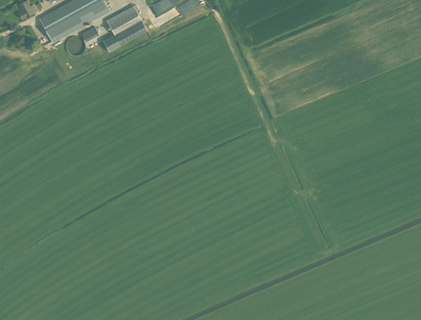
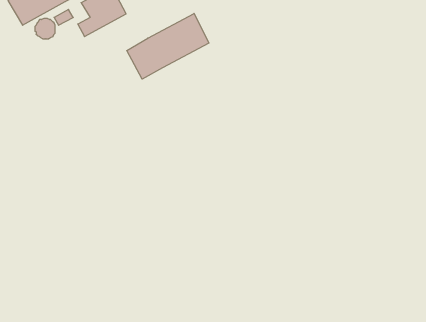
building: none -> [127,13,209,79]

